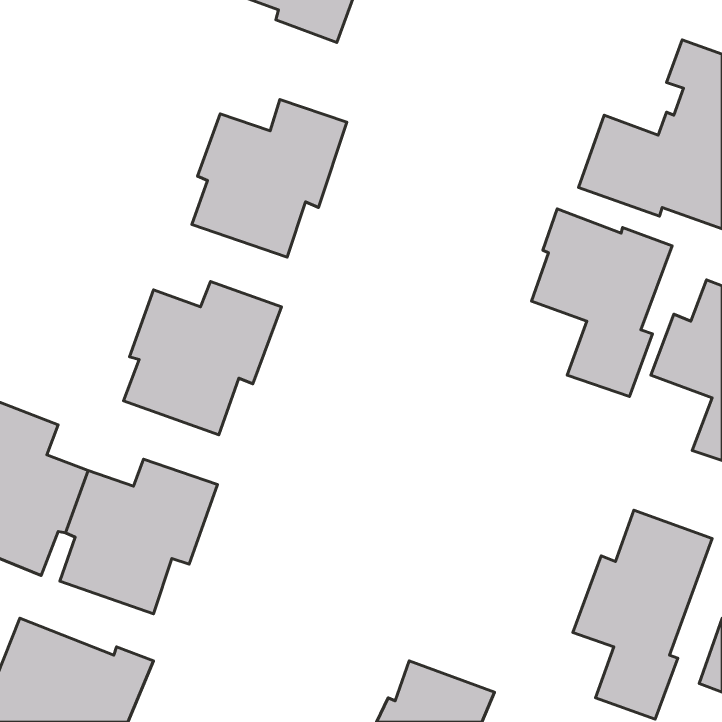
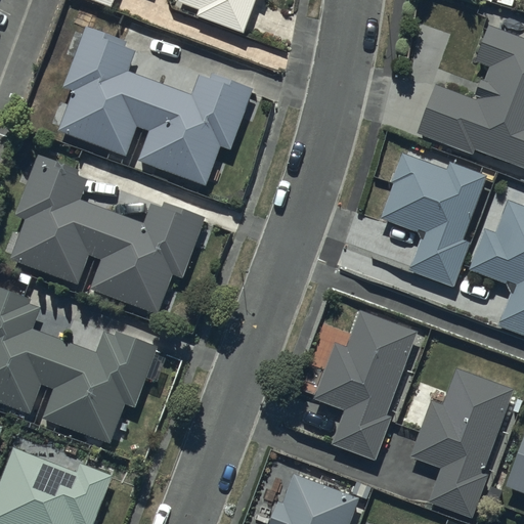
building: none -> [58,30,159,152]
building: none -> [12,159,111,283]
building: none -> [313,311,416,458]

